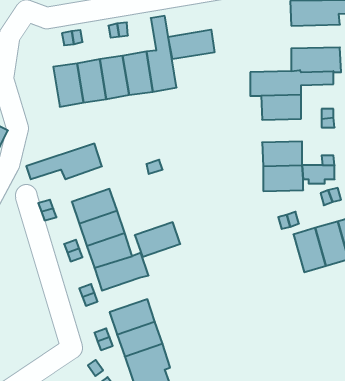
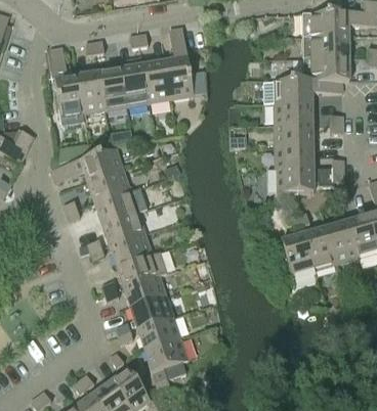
building: none -> [302,34,348,56]
building: [168,30,214,59] -> none
building: none -> [49,45,85,123]
building: none -> [275,123,312,145]
building: none -> [88,168,130,201]
building: [135,222,180,257] -> [123,273,166,306]
building: none -> [282,232,315,274]

